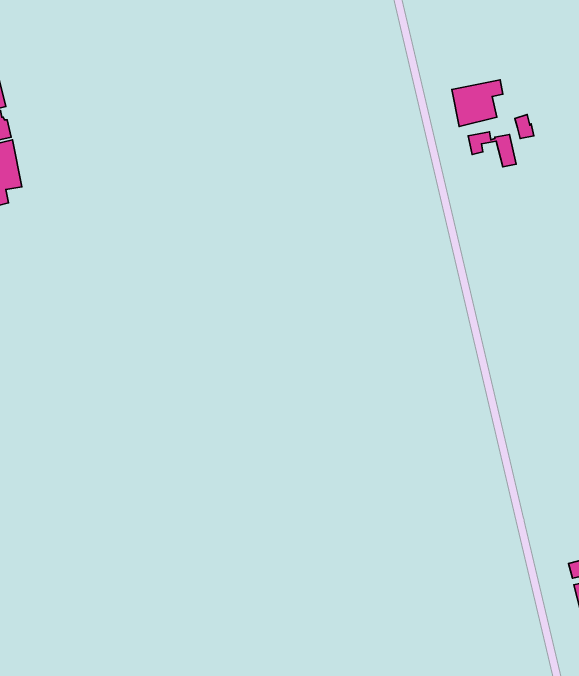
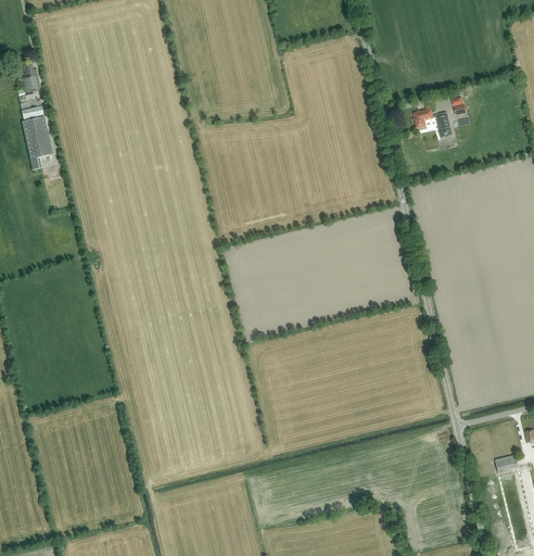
building: [452,80,503,126] -> none

